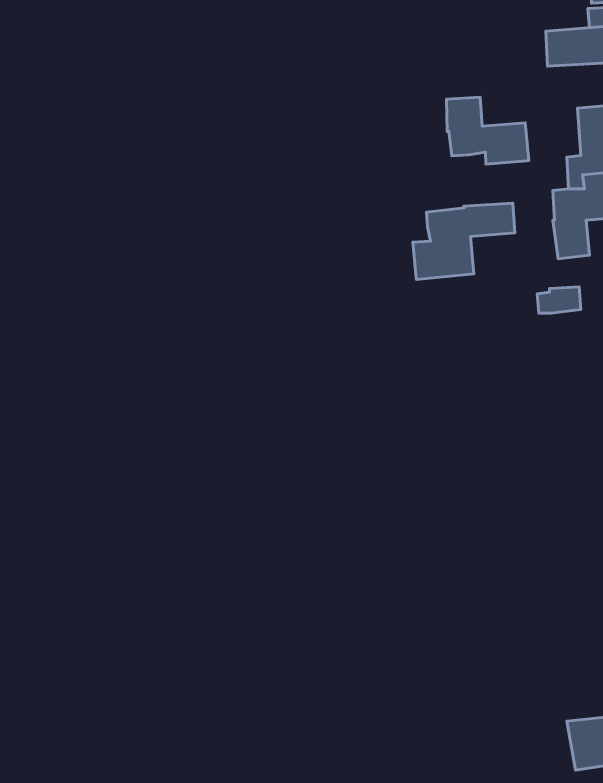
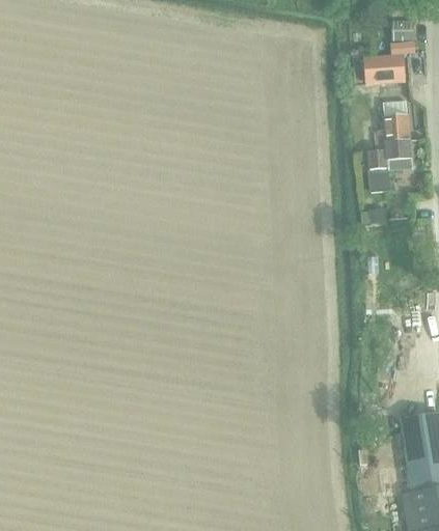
building: [446,97,529,164] -> none
building: [413,203,515,280] -> none

